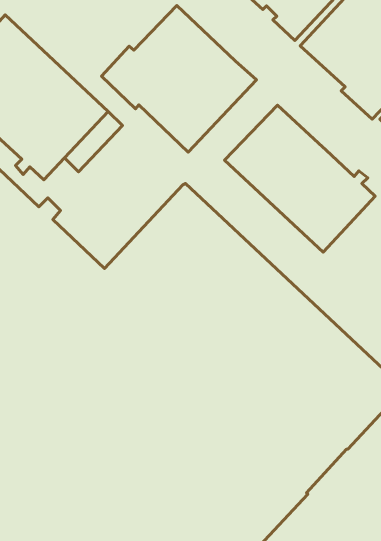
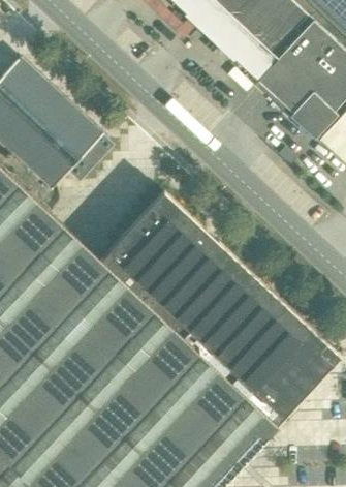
building: [102,5,256,152] -> none
building: [224,105,375,252] -> none

